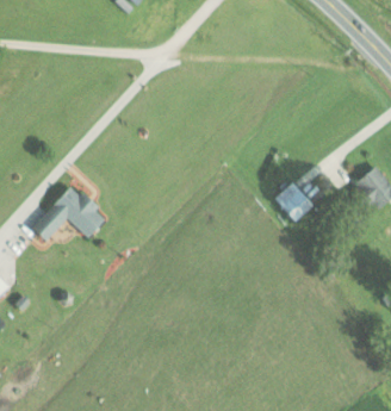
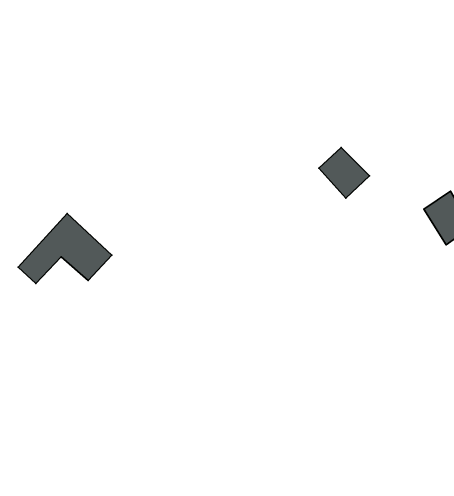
building: [273,182,314,223] -> [319,147,370,198]

